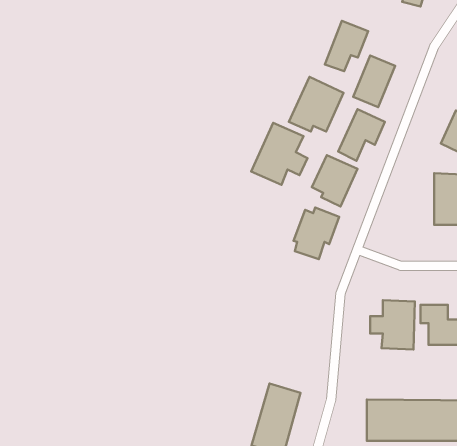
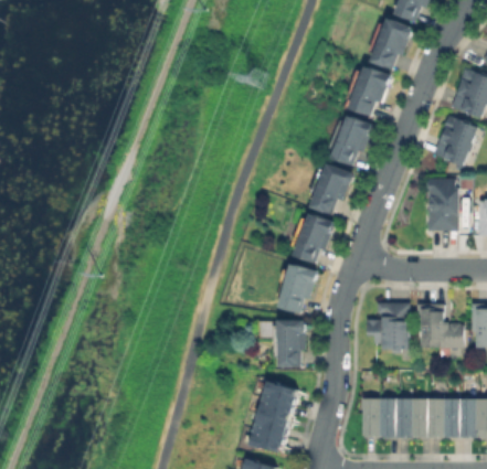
building: [325,21,368,71] -> [373,18,415,66]
building: [289,77,343,132] -> none
building: [251,123,308,185] -> none
building: none -> [276,264,321,311]
building: none -> [273,321,307,369]

